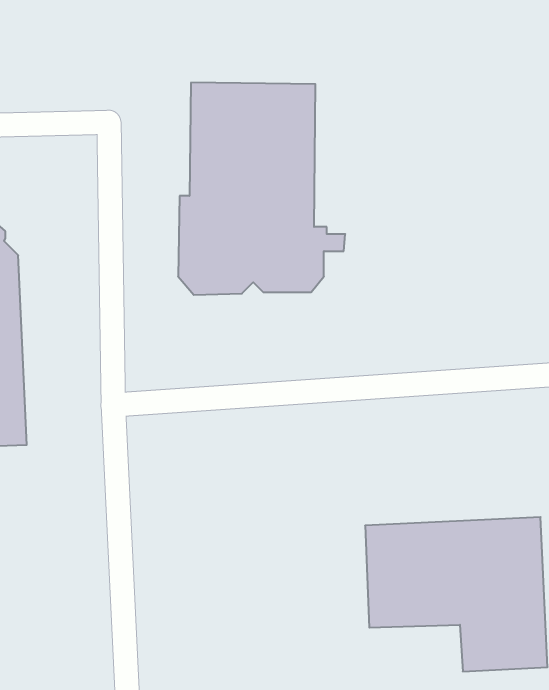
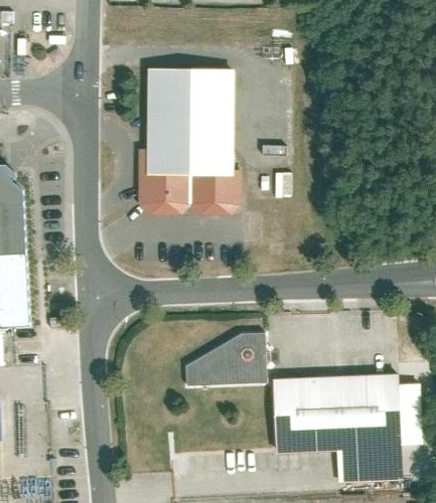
building: none -> [183,336,265,388]

